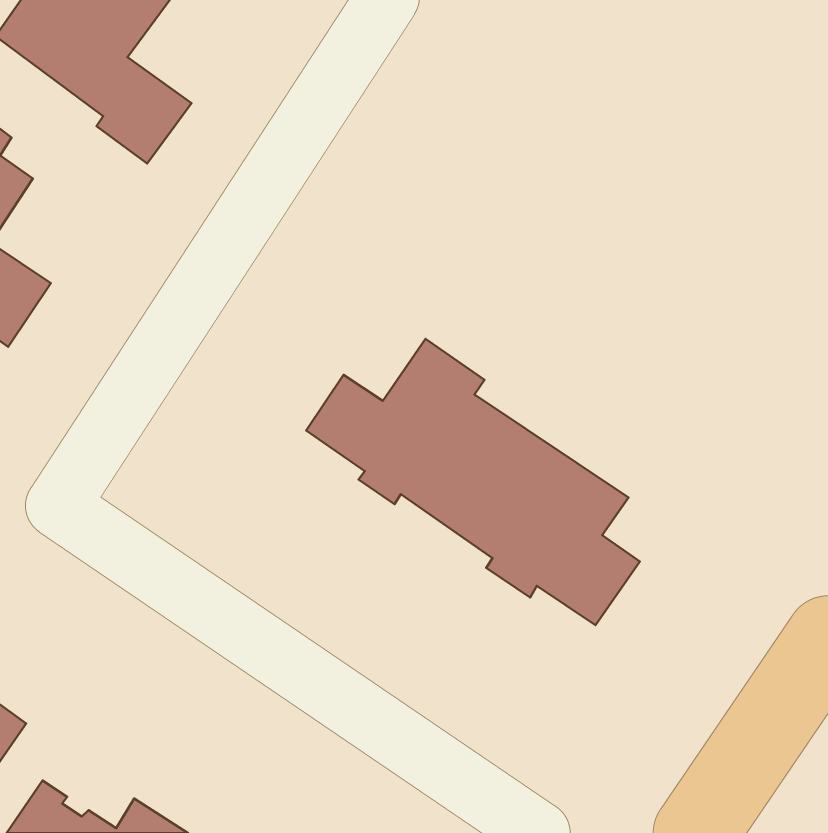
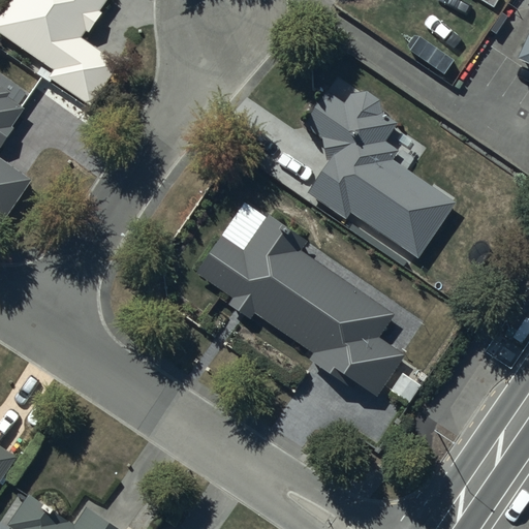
building: none -> [303,85,456,263]

